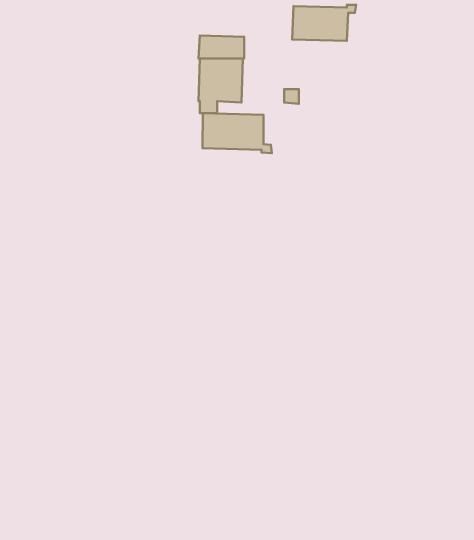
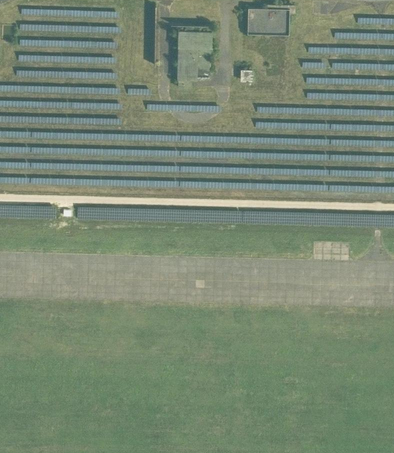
building: [202,113,272,153] -> none

